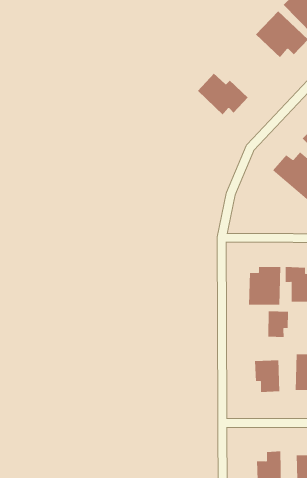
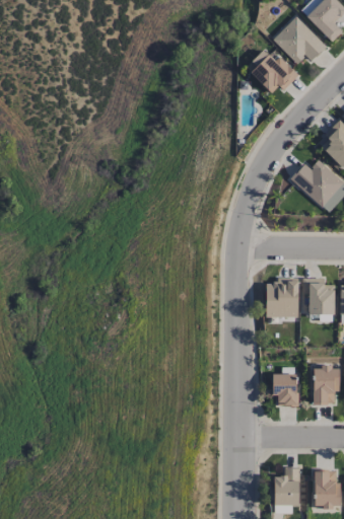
building: [197,73,249,116] -> [247,50,299,93]
building: [268,311,289,338] -> none

